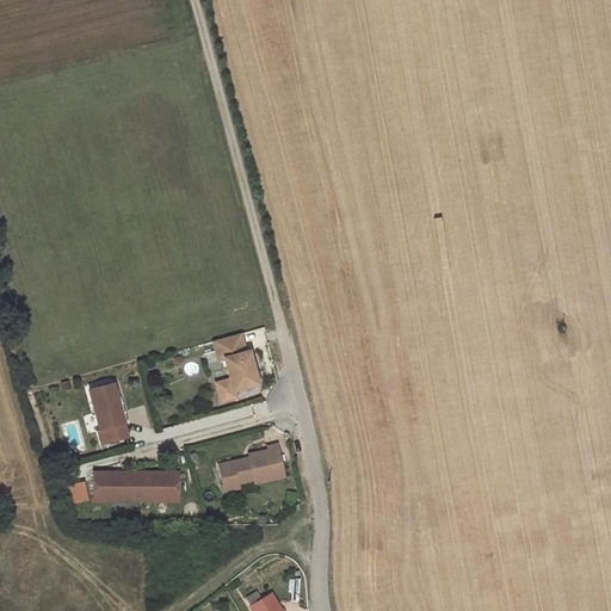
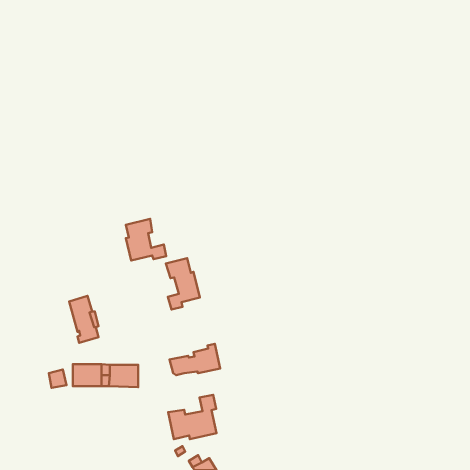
building: none -> [126,219,166,261]
building: none -> [168,395,217,439]

